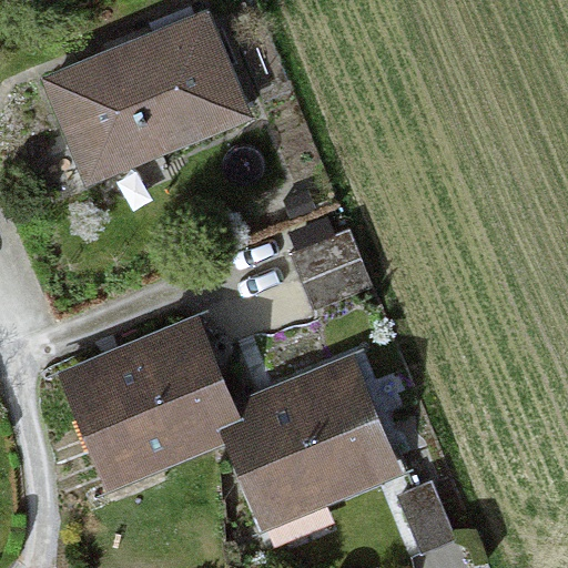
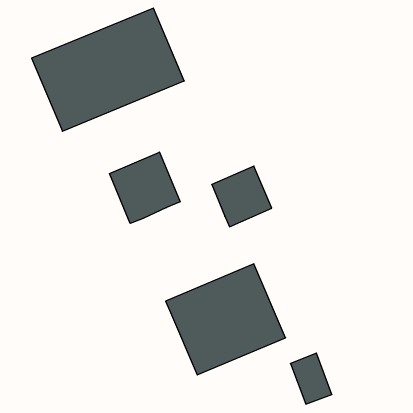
building: none -> [110,152,180,223]
building: [70,325,232,476] -> none

